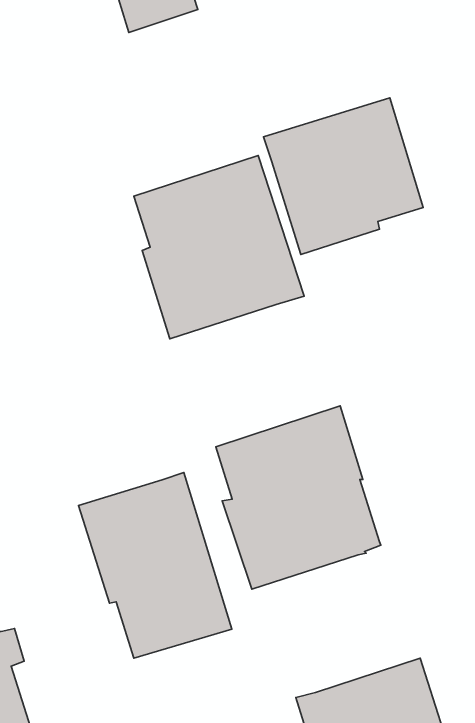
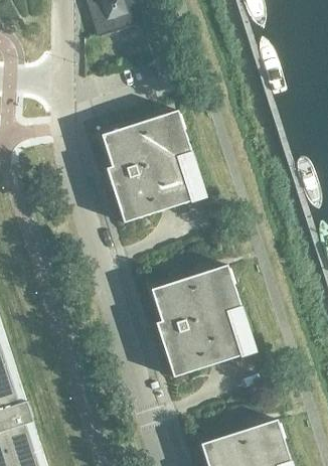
building: [263,98,423,254] -> none
building: [79,472,232,658] -> none

